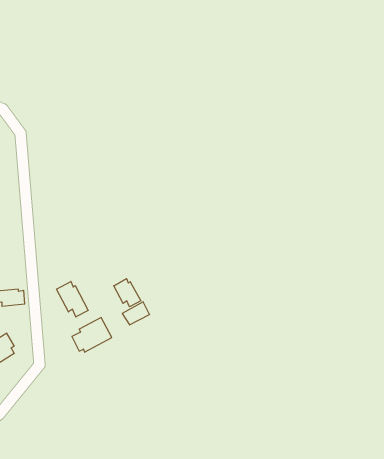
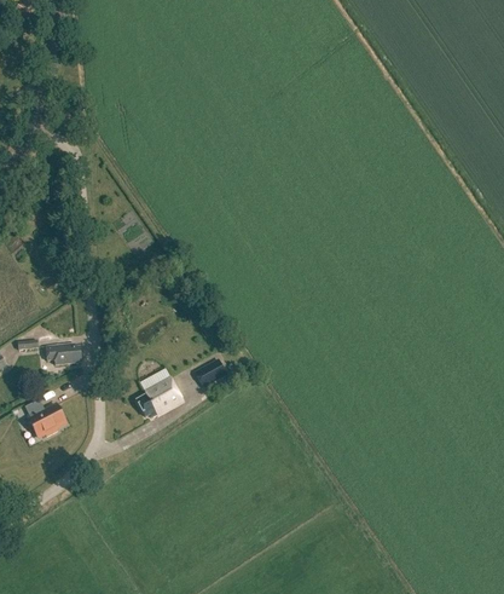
building: [114,279,141,307] -> none
building: [57,281,88,317] -> none

